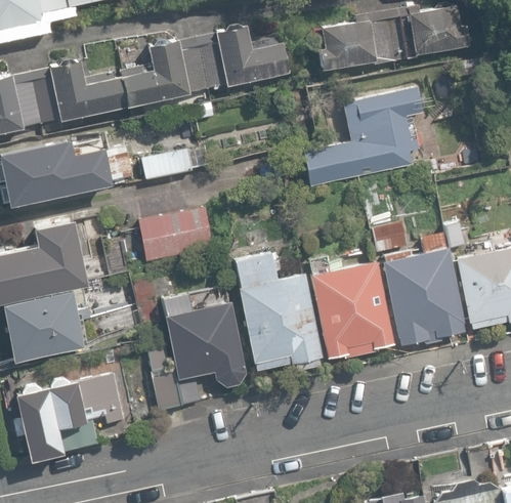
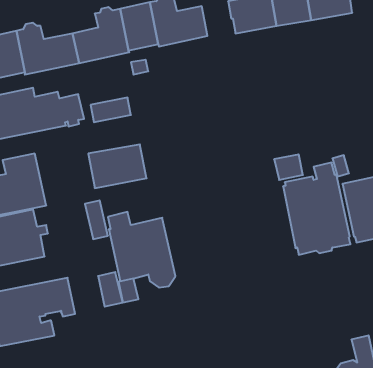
building: [302,88,422,187] -> none
building: [236,254,323,372] -> none
building: [310,261,394,360] -> none

